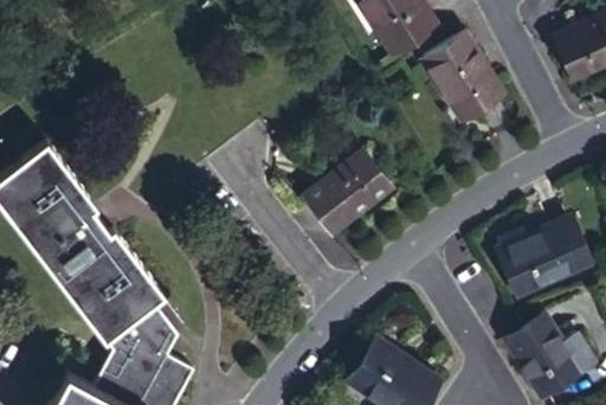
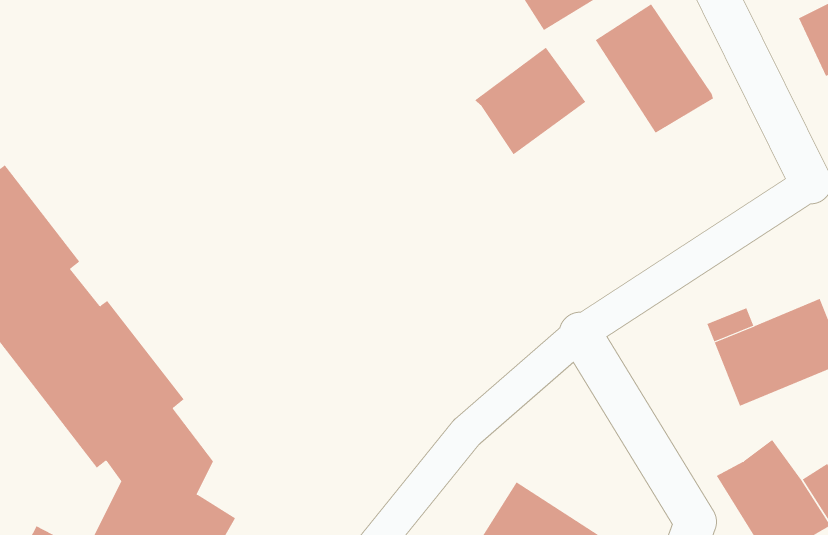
building: [307,166,379,236] -> [475,47,586,155]

